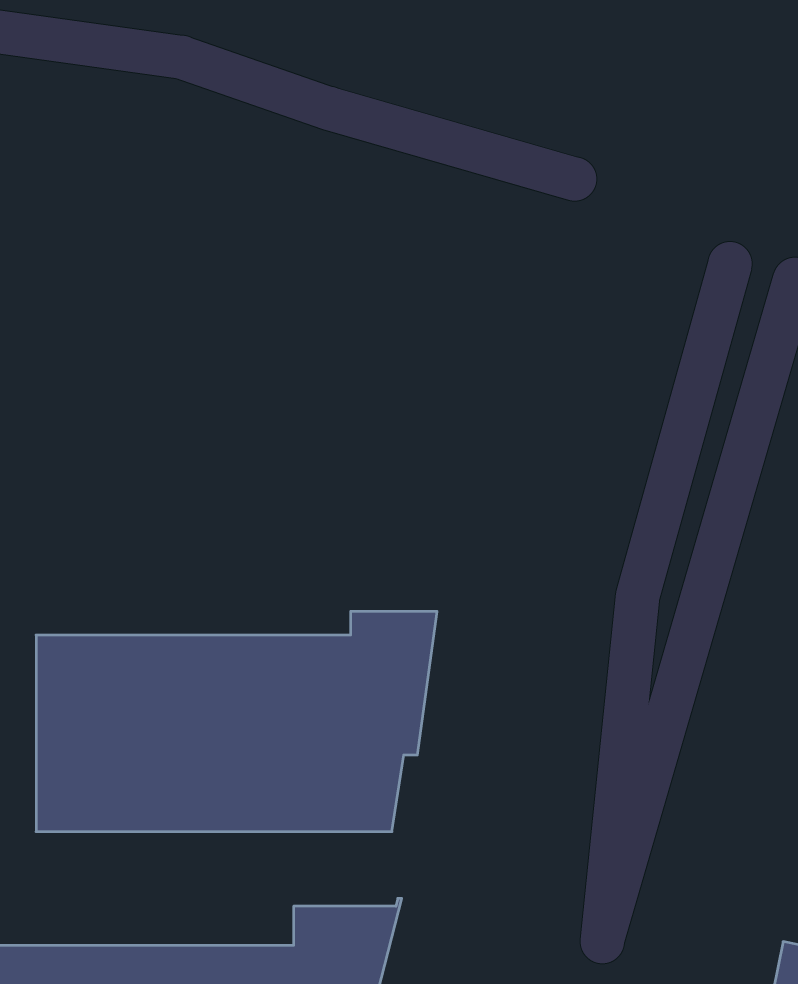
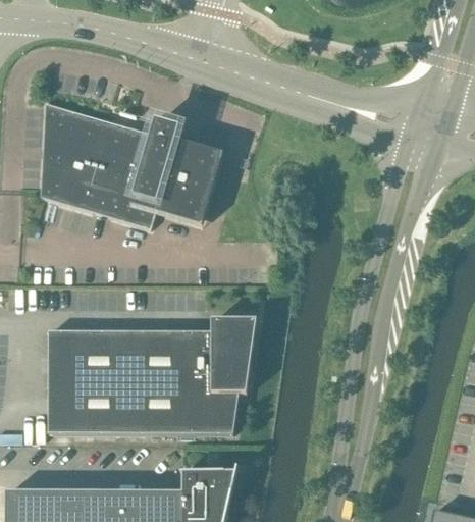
building: none -> [40,101,222,227]

